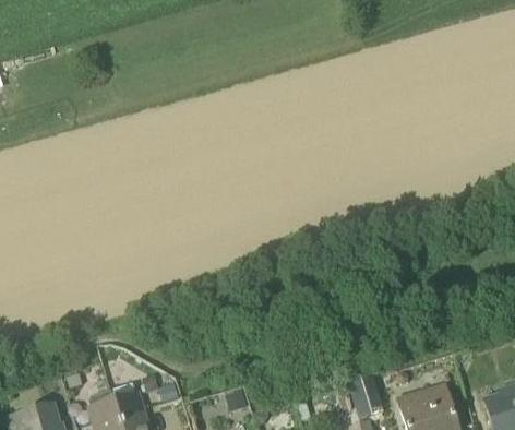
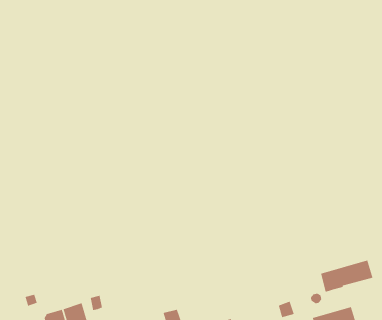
building: none -> [320,259,374,293]

